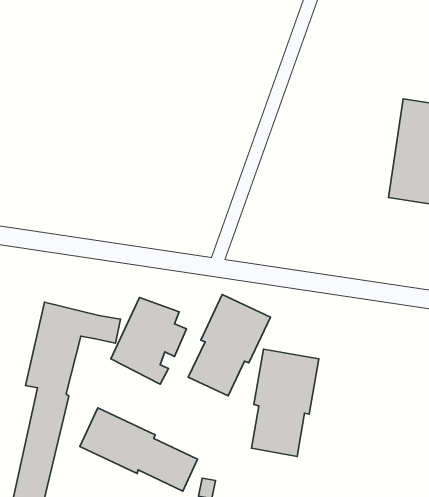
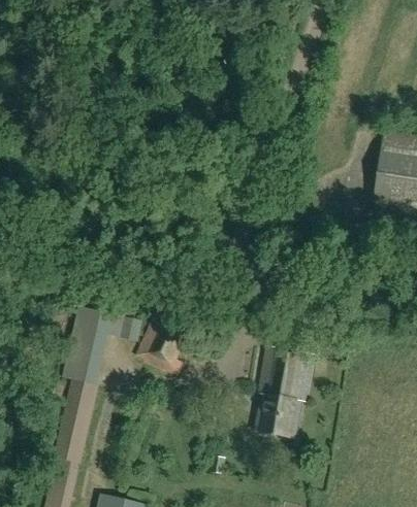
building: [188,295,270,396] -> none
building: [80,408,198,491] -> none

